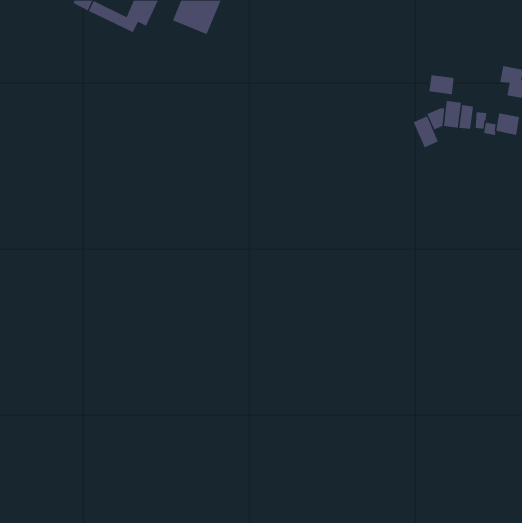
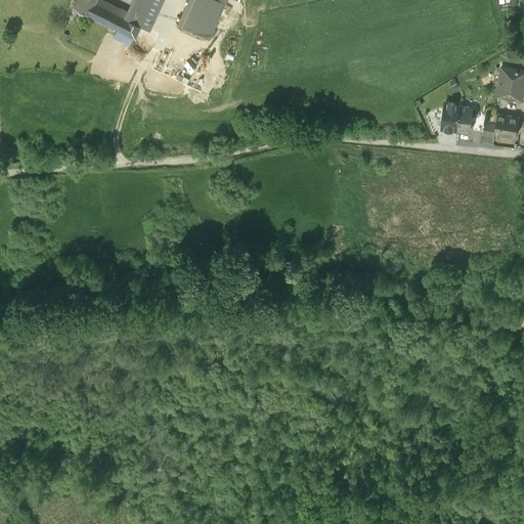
building: [429,74,454,95] -> none
building: [413,116,439,148] -> none

